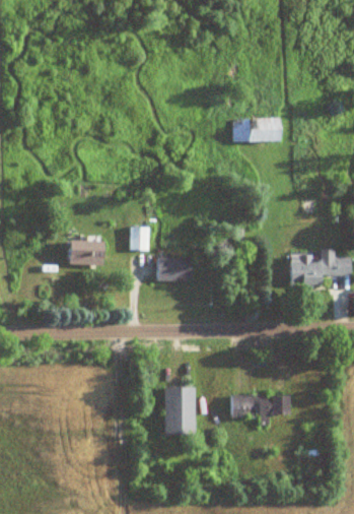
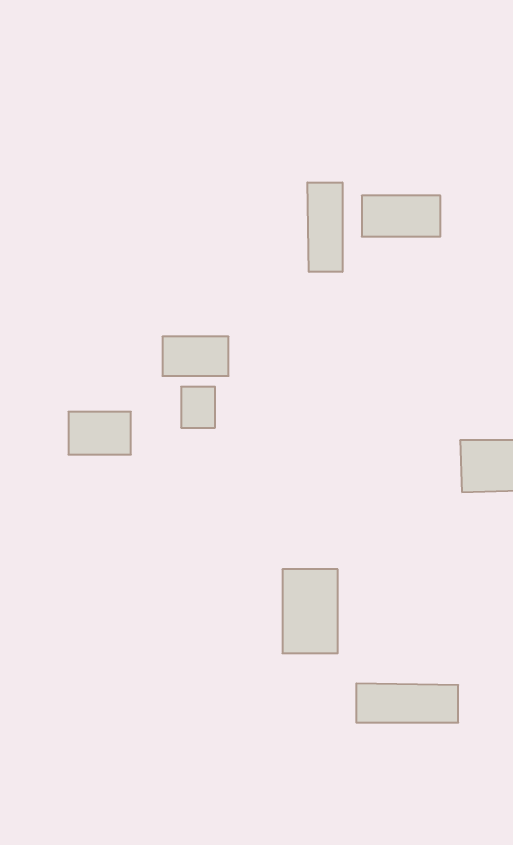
building: none -> [307,182,342,272]
building: [157,258,195,280] -> [162,337,229,376]
building: [164,386,196,434] -> [282,569,338,653]

